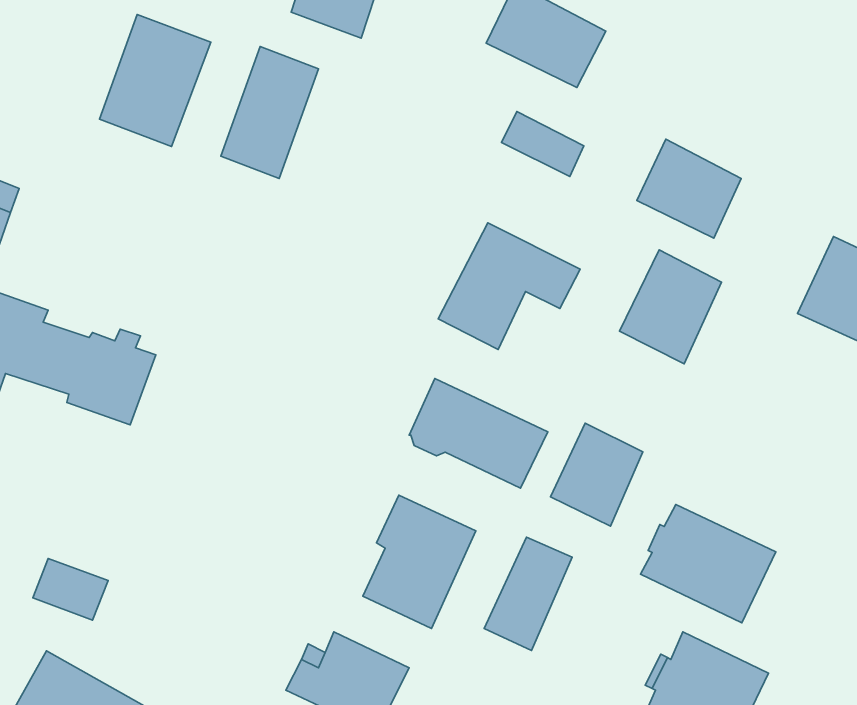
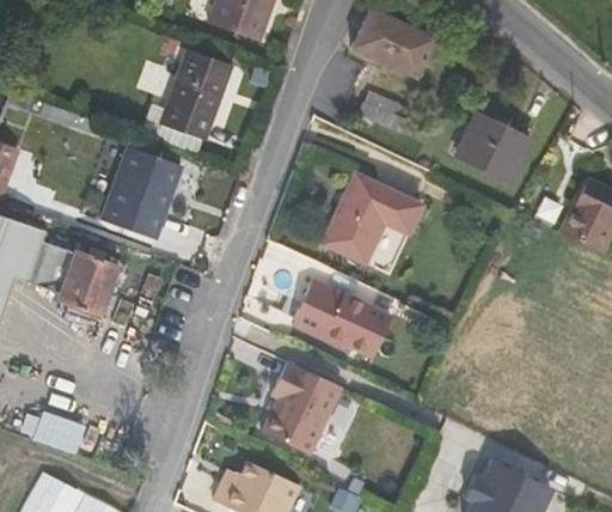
building: [99,15,211,146] -> [105,146,183,238]
building: [620,250,721,364] -> none
building: [550,423,643,526] -> none
building: [640,505,776,623] -> none
building: [484,537,572,651] -> none

